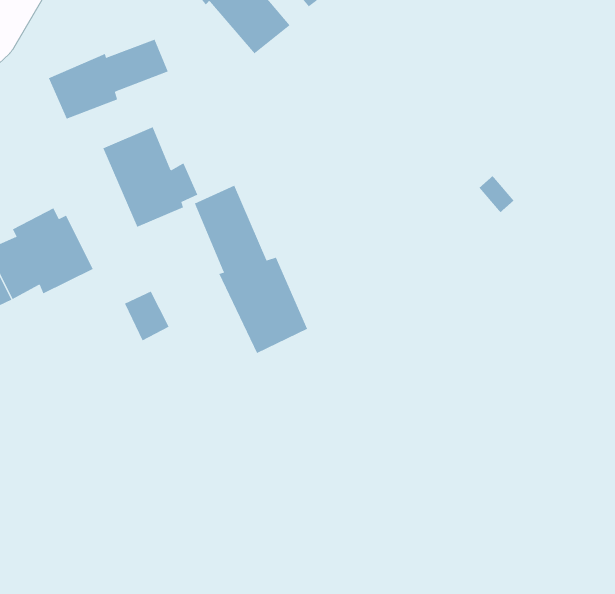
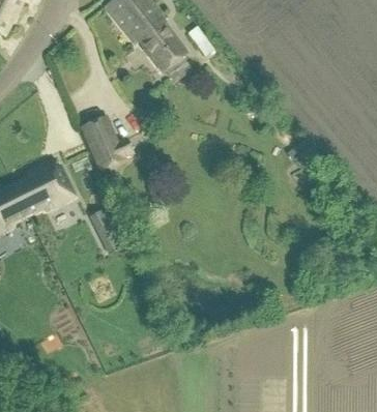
building: [48,39,169,120] -> none
building: [194,185,308,354] -> none

